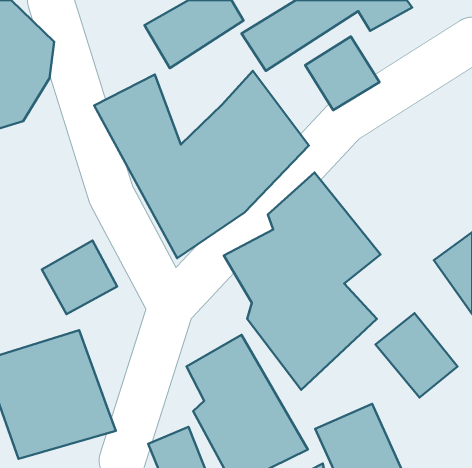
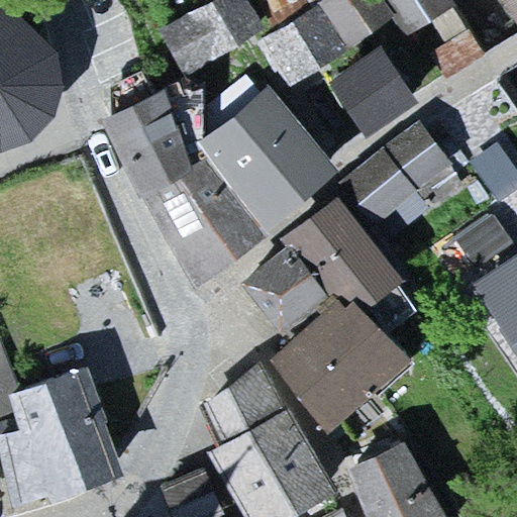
building: none -> [348,125,455,229]
building: [42,241,117,314] -> none
building: [375,313,457,397] -> none

